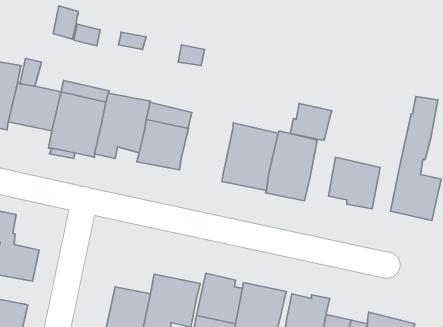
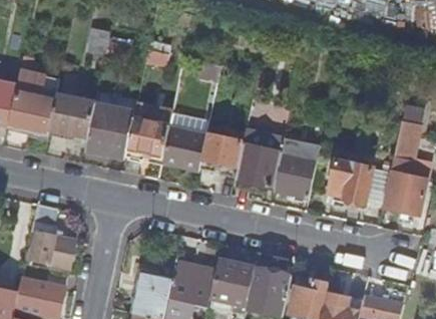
building: [290,103,332,140] -> none
building: none -> [199,132,243,176]

